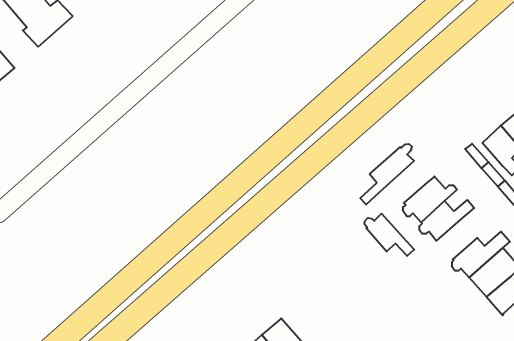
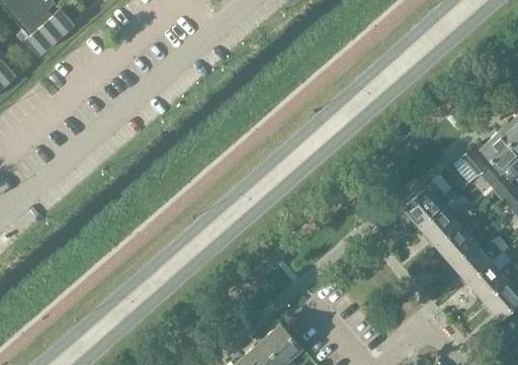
building: [360,144,414,205] -> none
building: [365,214,414,256] -> none
building: none -> [436,224,477,264]

